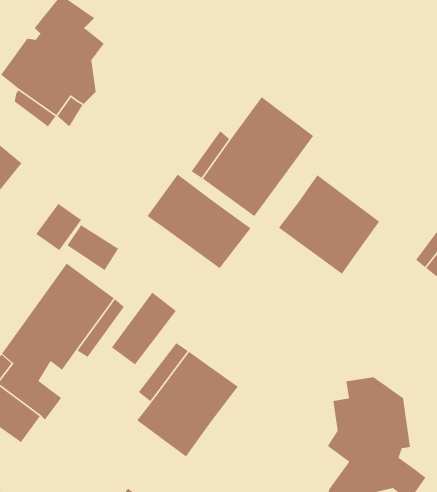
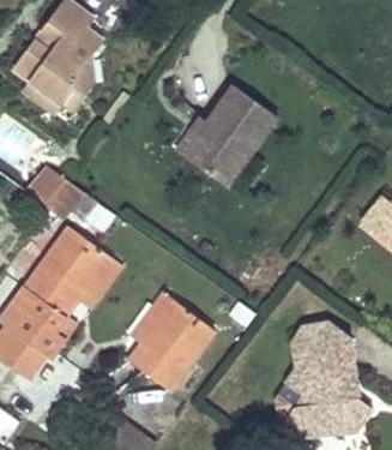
building: [146,174,252,269] -> none
building: [278,174,380,275] -> none
building: [111,291,177,365] -> none

